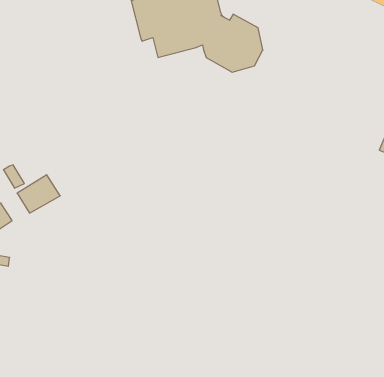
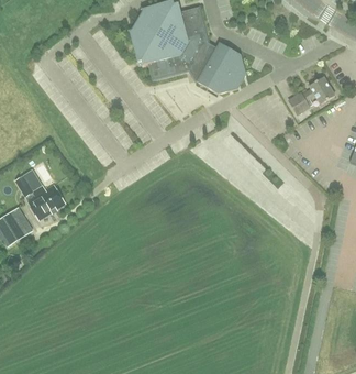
building: none -> [289,76,335,112]

